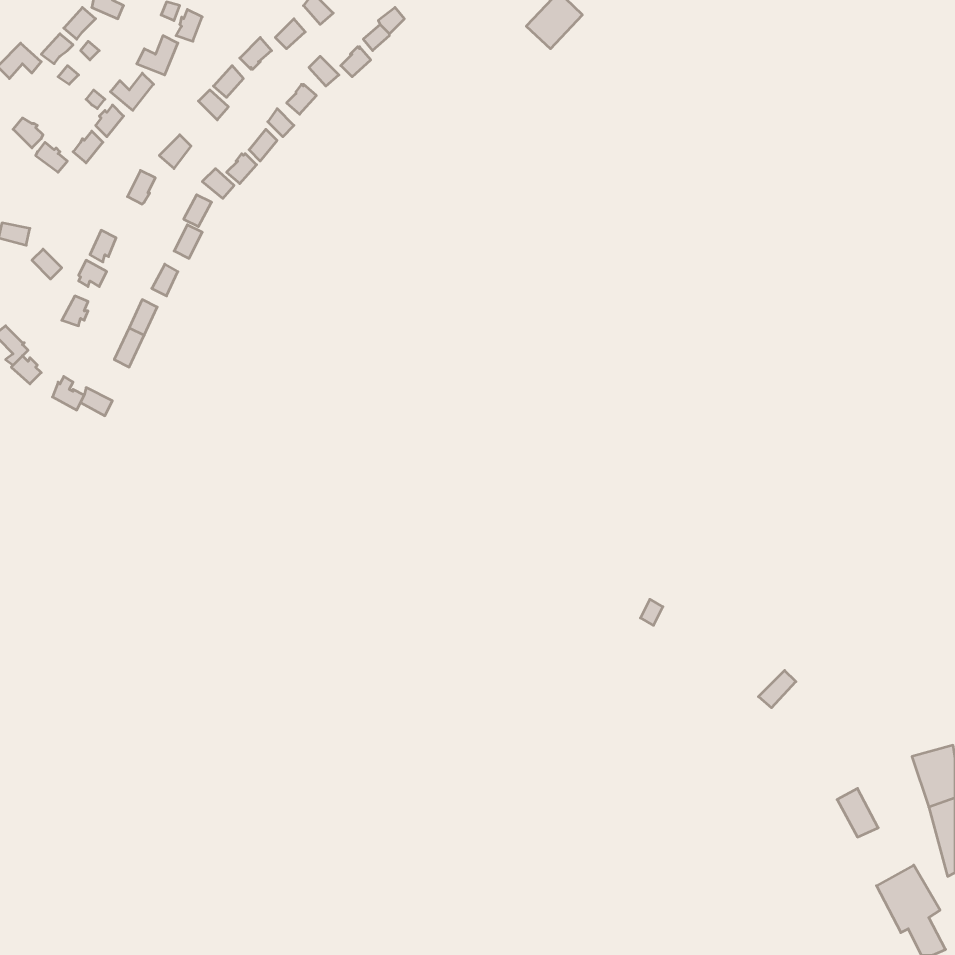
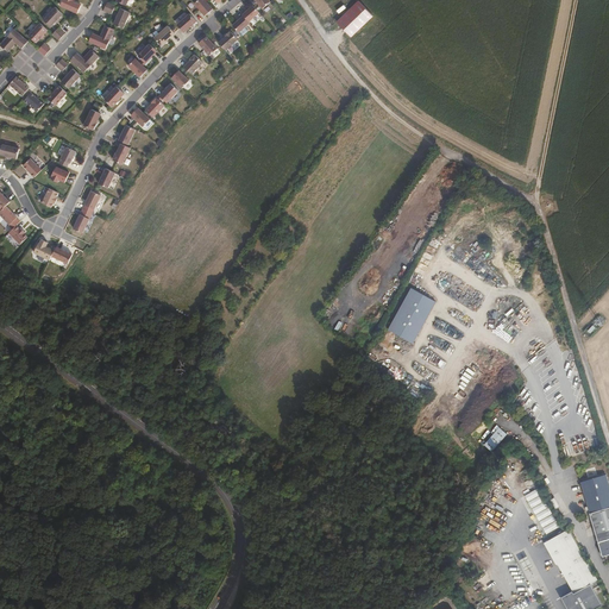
building: none -> [387,287,433,341]
building: none -> [542,527,580,564]

